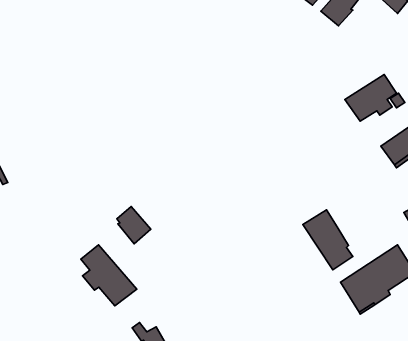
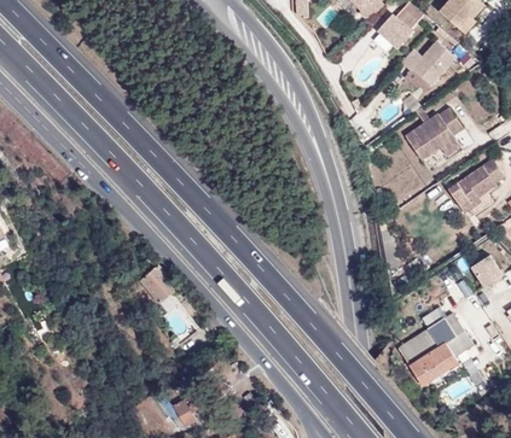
building: none -> [401,41,455,87]
building: [303,210,353,270] -> none
building: [81,245,137,306] -> none

